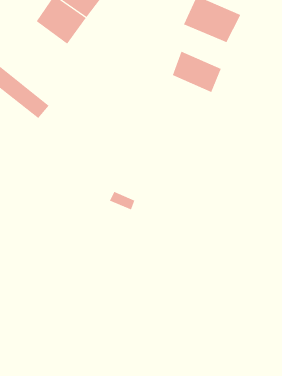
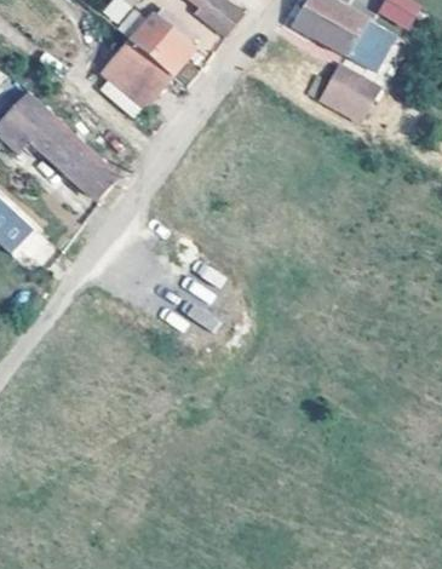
building: [172,51,222,93] -> none

